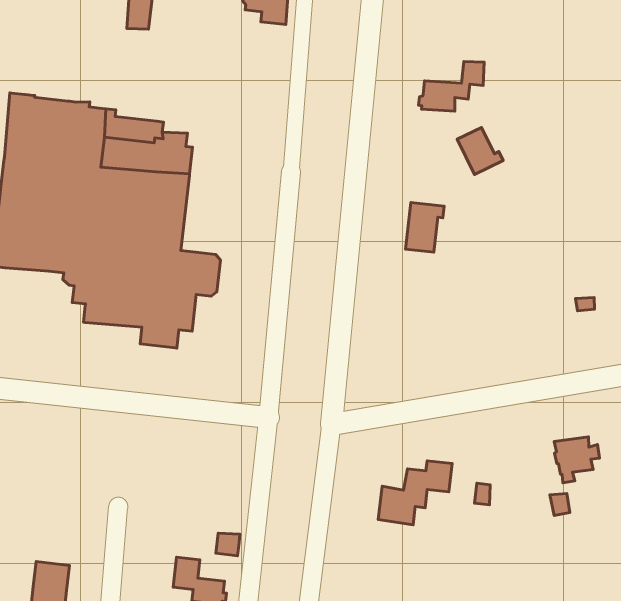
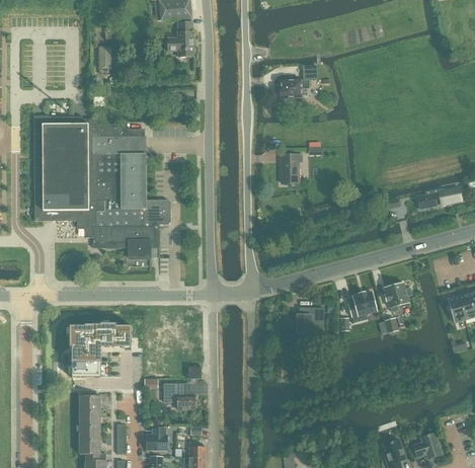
building: [457,127,503,174] -> none
building: none -> [347,291,376,316]
building: none -> [69,323,131,377]

